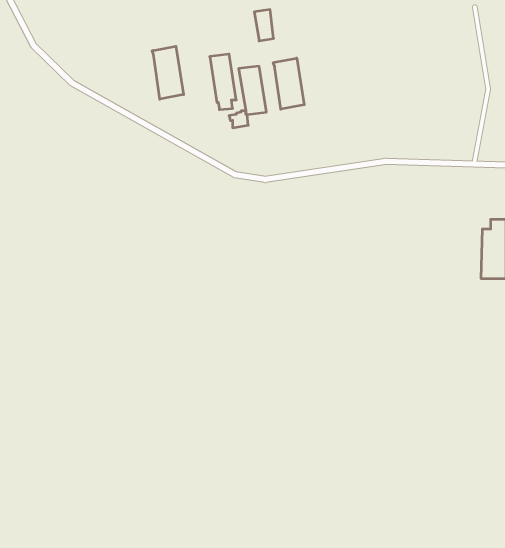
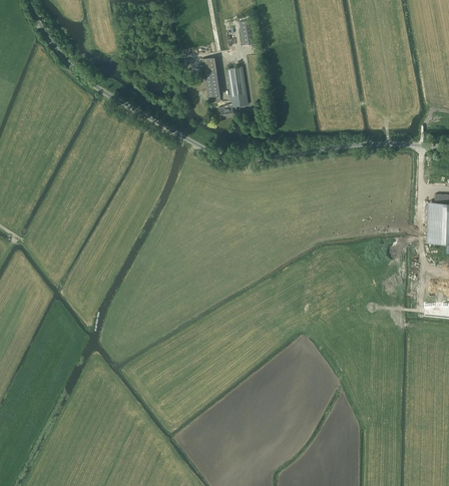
building: [152,46,184,99] -> none
building: [273,58,304,109] -> none

